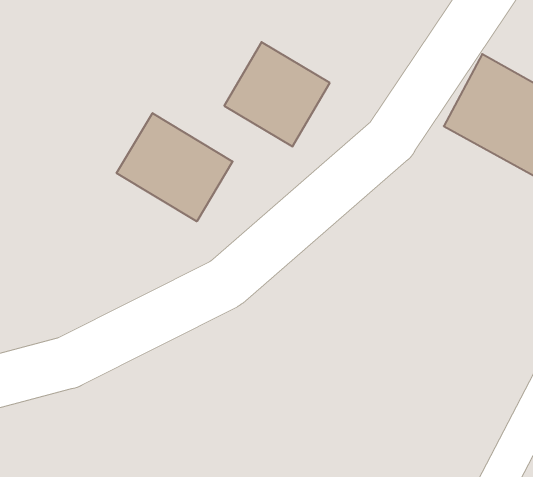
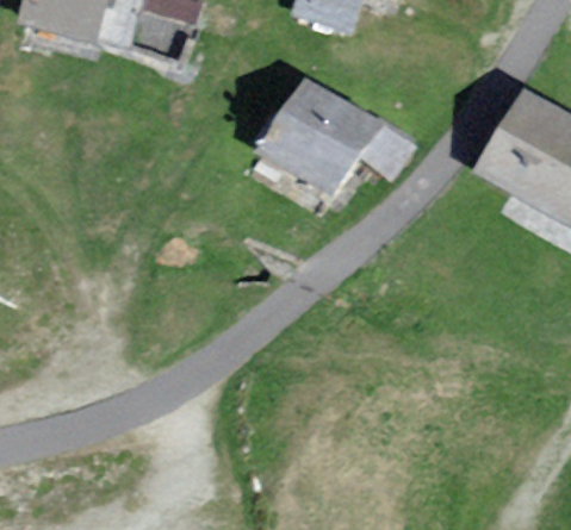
building: [117,113,233,221] -> none

